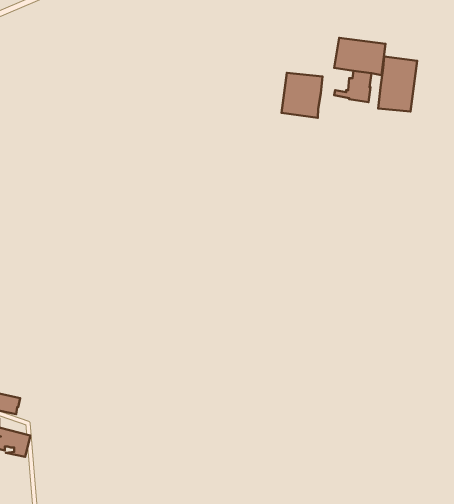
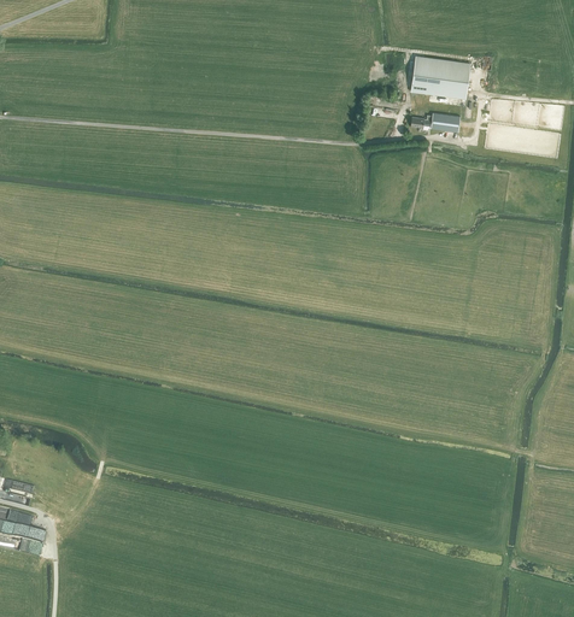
building: [378,56,417,112] -> none
building: [281,73,322,118] -> none

